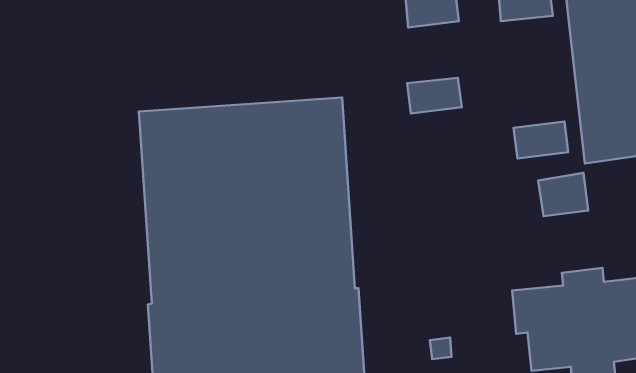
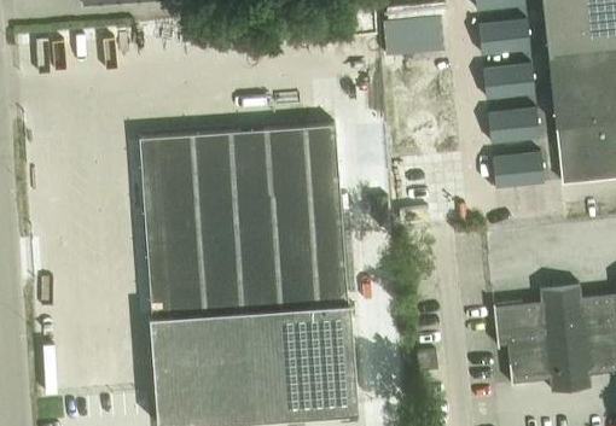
building: none -> [487,62,539,95]
building: [407,78,462,114] -> [492,105,544,139]
building: [538,173,588,216] -> none

